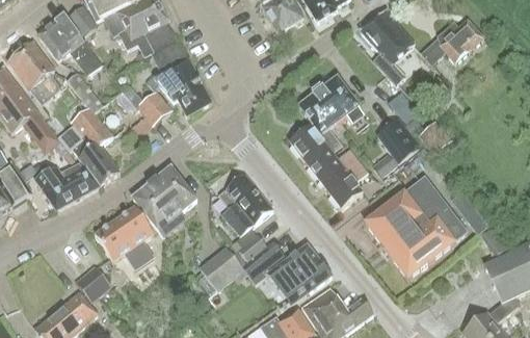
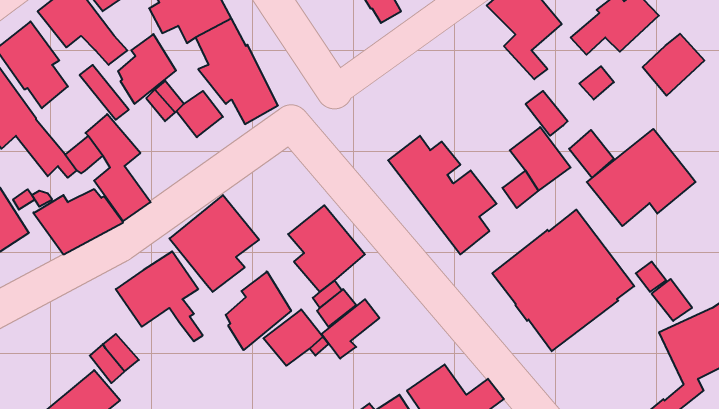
building: none -> [643,34,704,96]
building: none -> [118,34,176,104]
building: [298,75,364,133] -> none
building: none -> [587,129,696,226]
building: none -> [226,271,291,350]
building: [268,243,330,298] -> none

